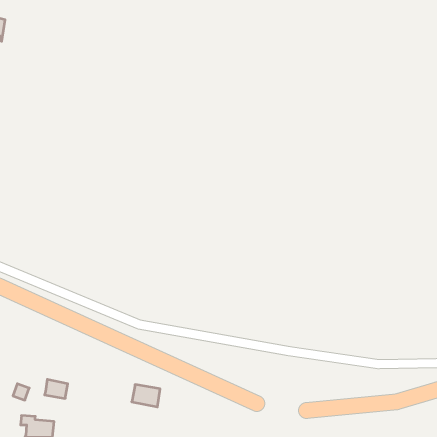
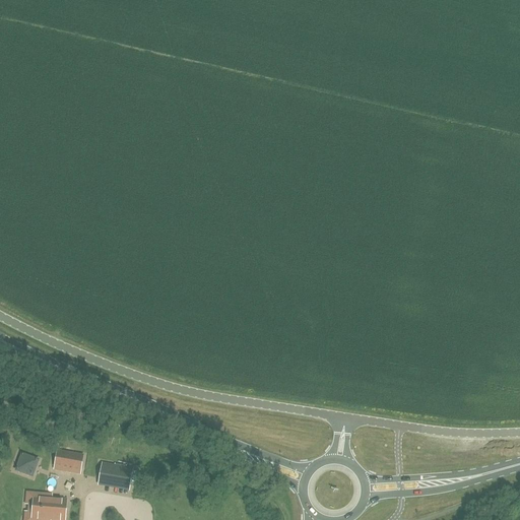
building: [132,385,160,407] -> [96,462,130,489]

